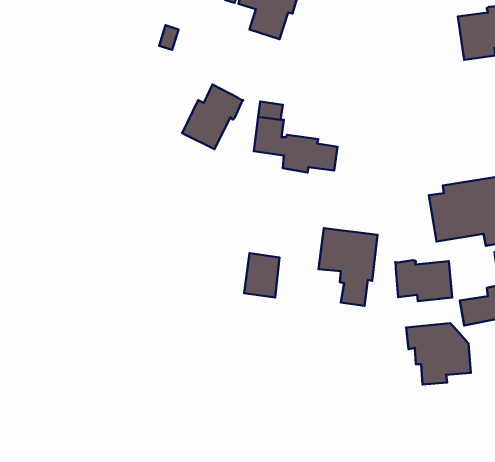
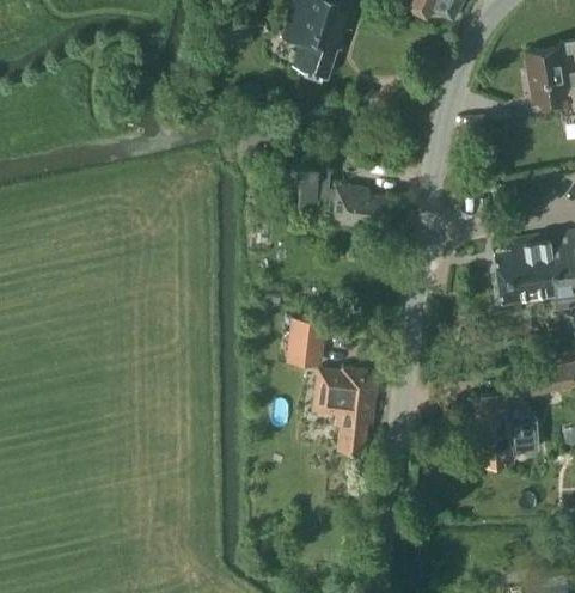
building: [182,85,243,149] -> none
building: [318,228,378,306] -> [312,365,378,451]
building: [395,260,452,301] -> none

